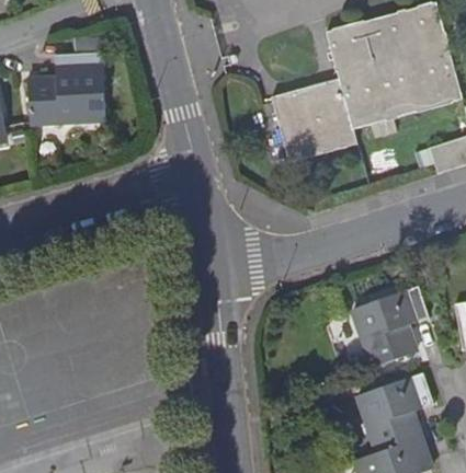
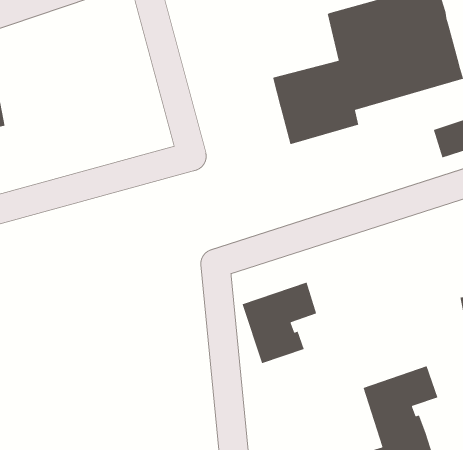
building: [30,57,106,125] -> none
building: [355,289,430,370] -> [241,282,317,364]

